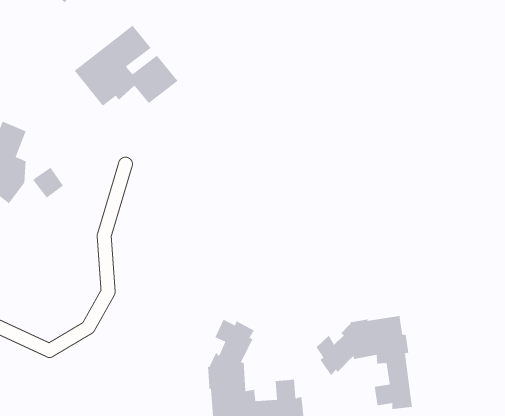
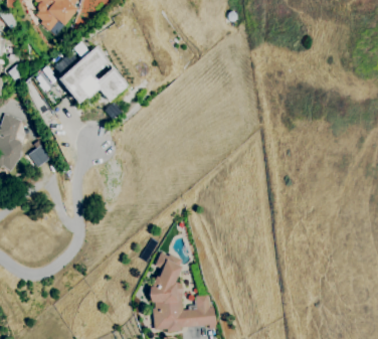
building: [316,315,413,410] -> none

